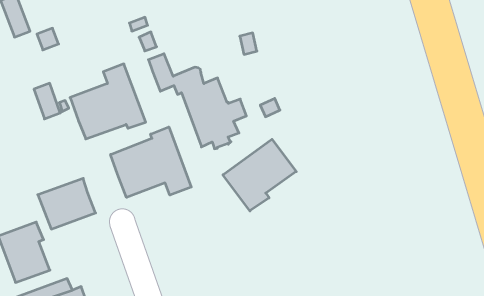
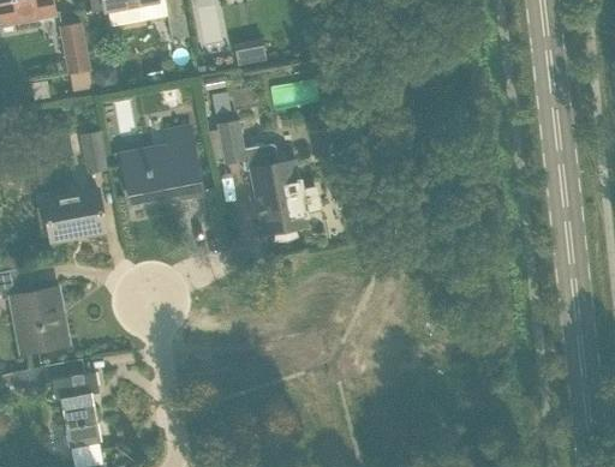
building: [111,127,191,197] -> none
building: [223,139,296,211] -> none
building: [38,178,96,229] -> [42,190,105,241]

